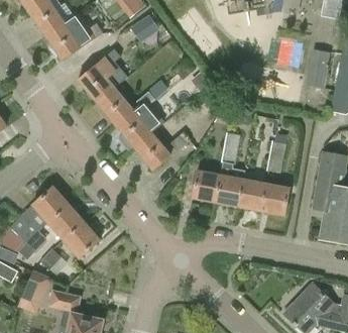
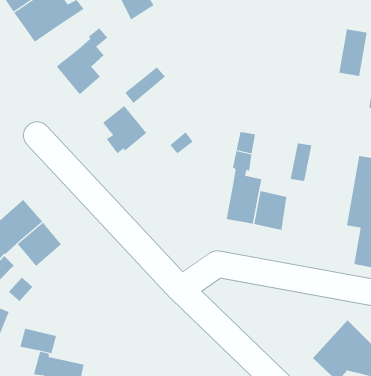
building: [98,87,134,124] -> none
building: [134,132,171,171] -> none
building: [192,171,221,202] -> none
building: [261,184,289,215] -> none
building: [63,222,99,258] -> none

